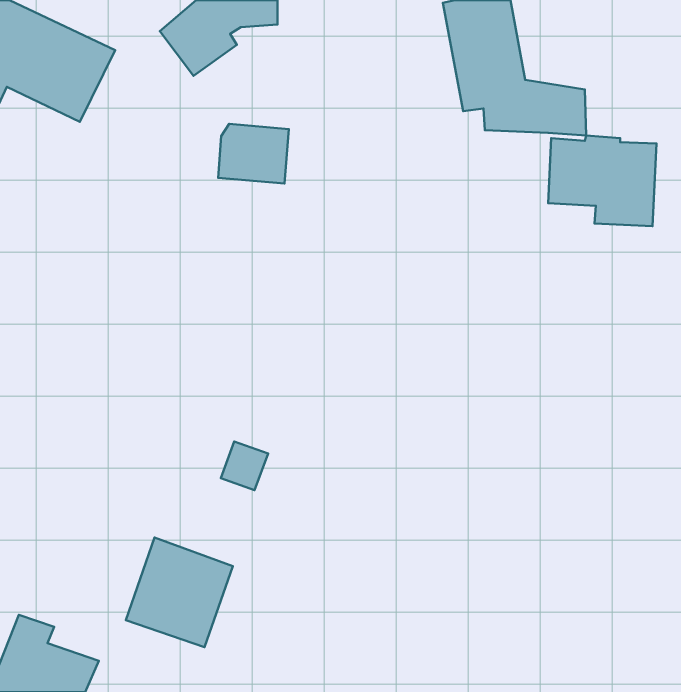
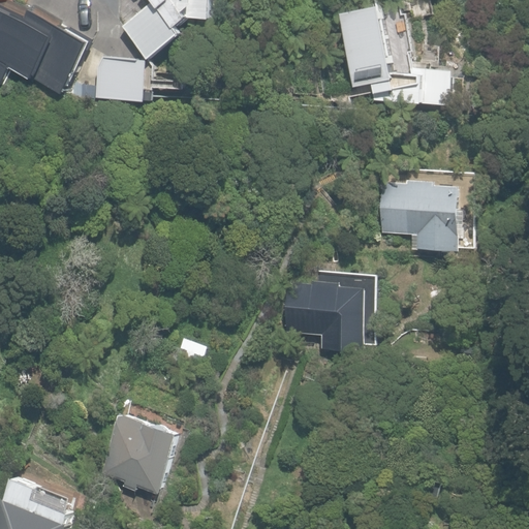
building: [218,124,289,183] -> [94,55,148,100]
building: [548,135,657,226] -> [377,181,460,250]
building: none -> [281,279,366,351]

